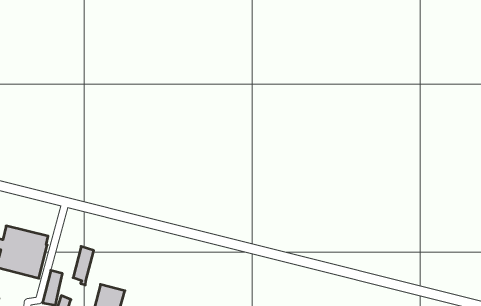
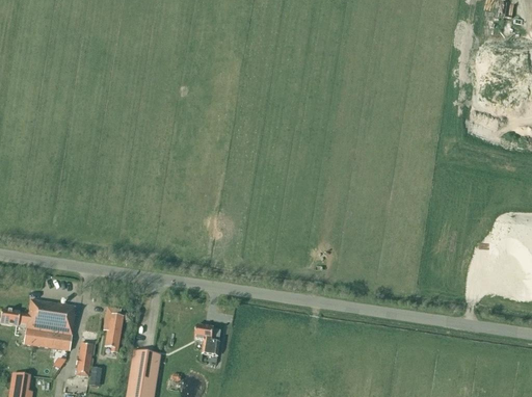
building: none -> [195,324,221,355]

